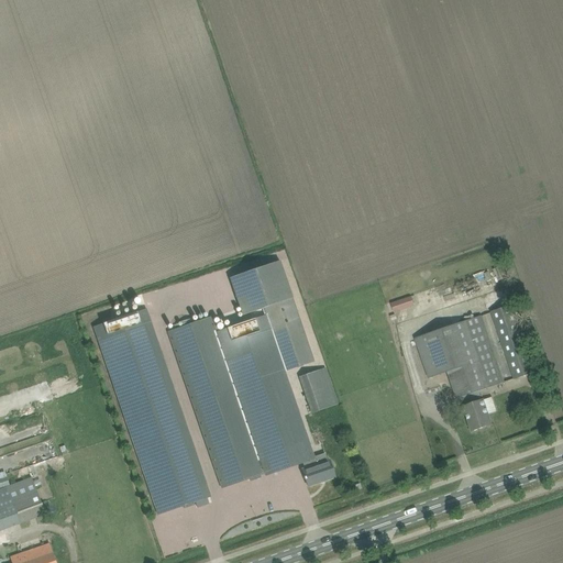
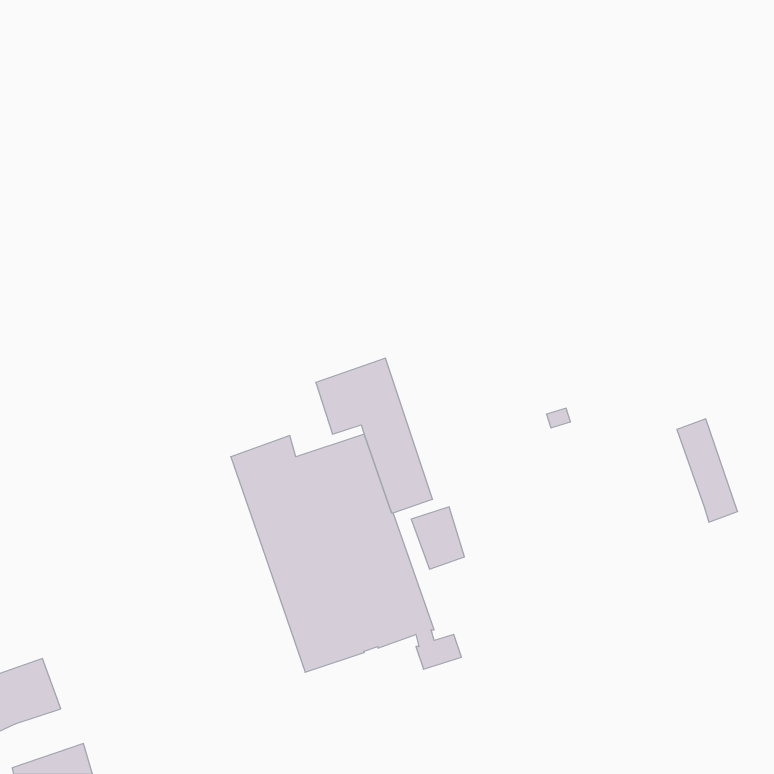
building: [92,308,210,514] -> none
building: [413,314,504,431] -> none

